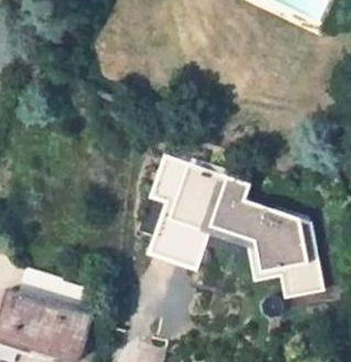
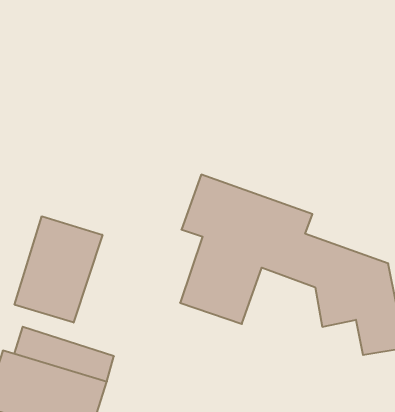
building: none -> [15,216,102,323]

